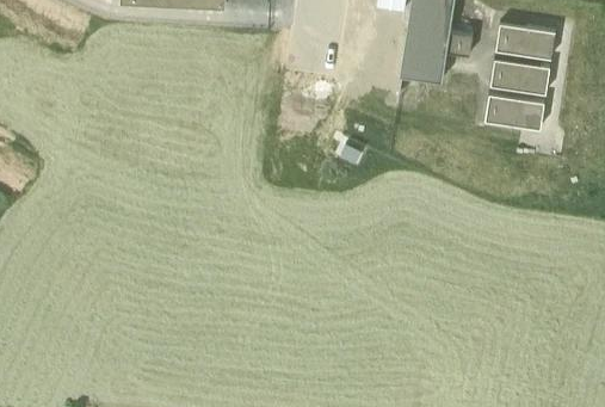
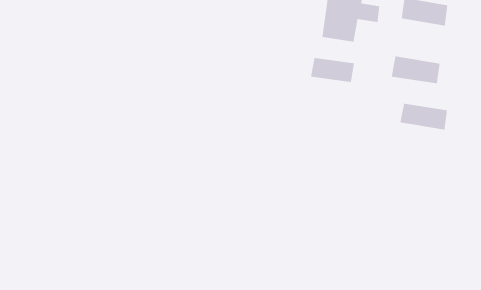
building: [490,57,549,91] -> [399,103,448,131]
building: none -> [310,57,355,83]

